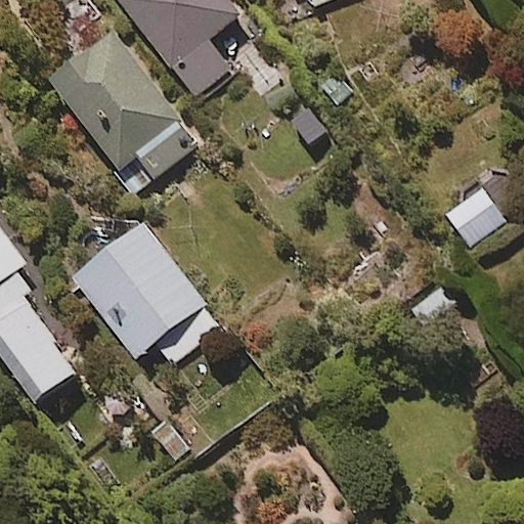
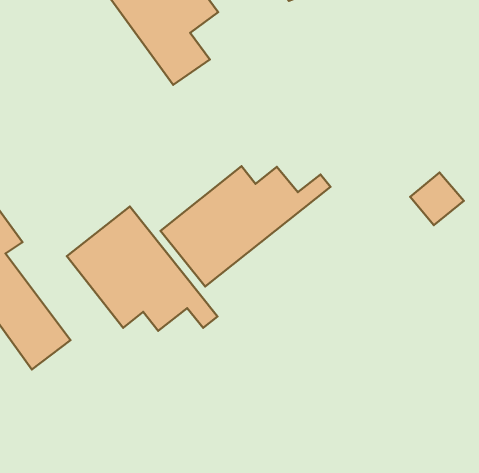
building: [47,31,195,174] -> none
building: none -> [161,166,330,287]

